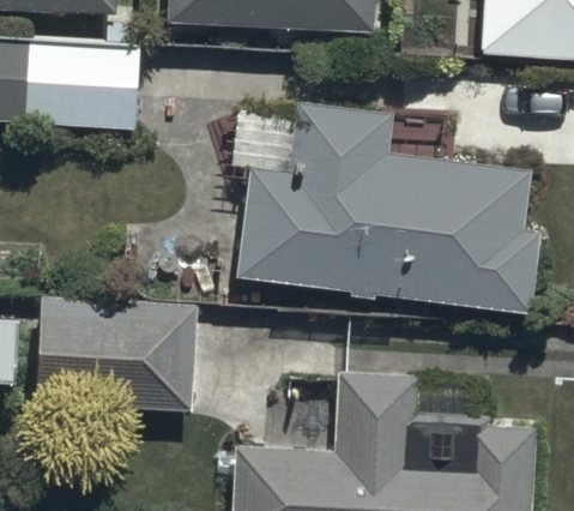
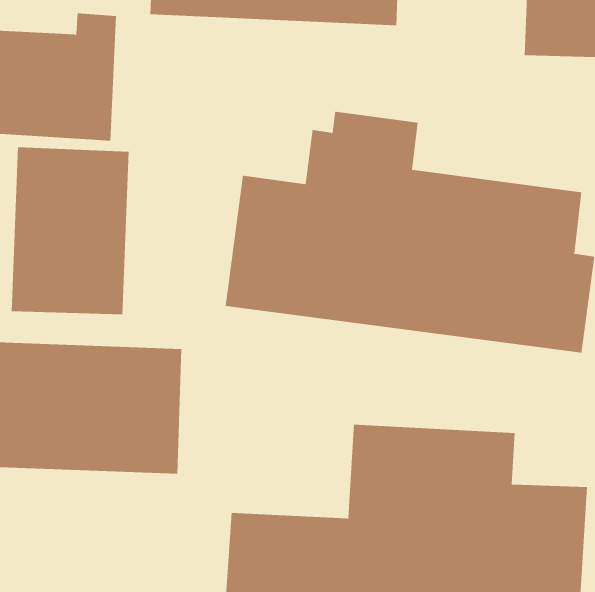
building: none -> [11,147,129,315]

